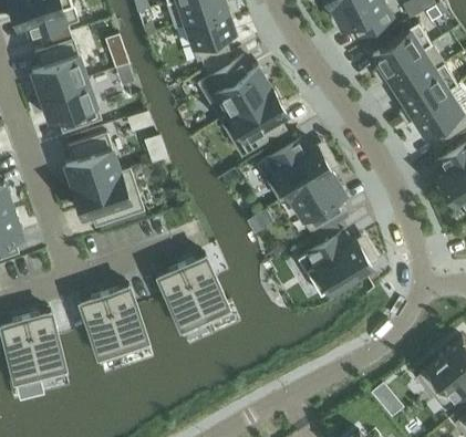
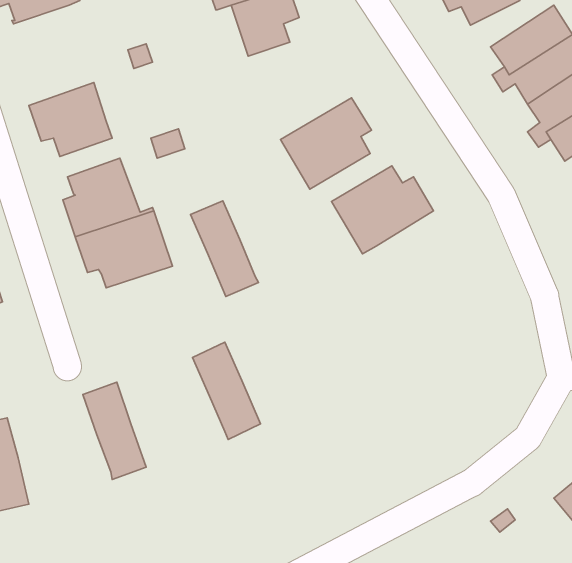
building: [32,40,87,96] -> none
building: [199,58,272,121] -> none
building: [290,171,345,232] -> none
building: [299,233,372,296] -> none
building: [182,256,230,324] -> [190,201,258,297]
building: [104,287,149,355] -> none
building: [25,313,66,382] -> none

